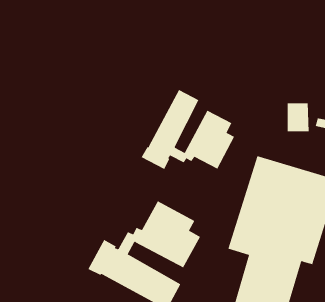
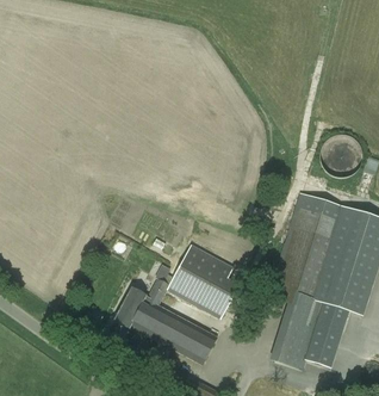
building: [141,89,235,170] -> none

